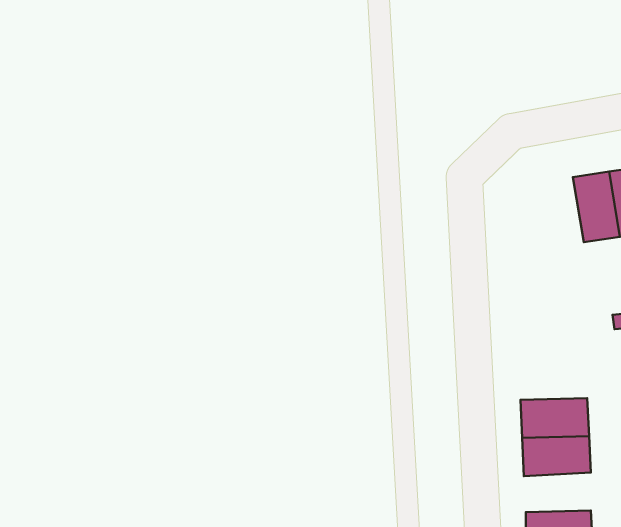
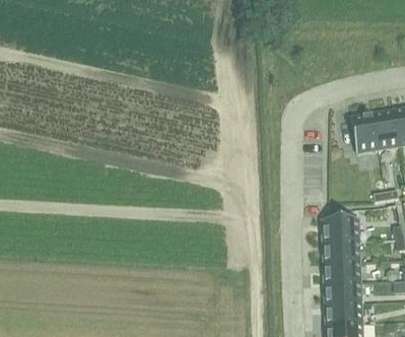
building: none -> [323,217,360,240]
building: none -> [325,280,362,302]

